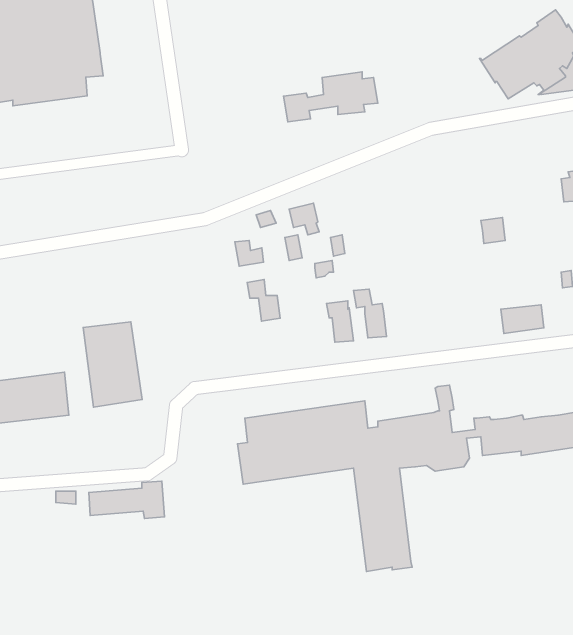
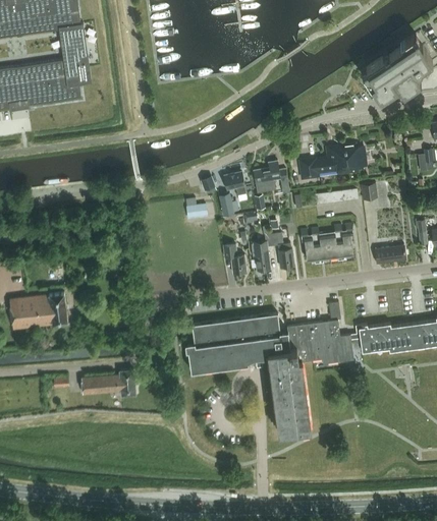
building: [283,72,378,122] -> [299,143,367,179]
building: none -> [254,162,290,194]
building: none -> [299,225,354,262]
building: [247,280,280,321] -> [223,245,247,275]
building: [83,322,142,407] -> none

